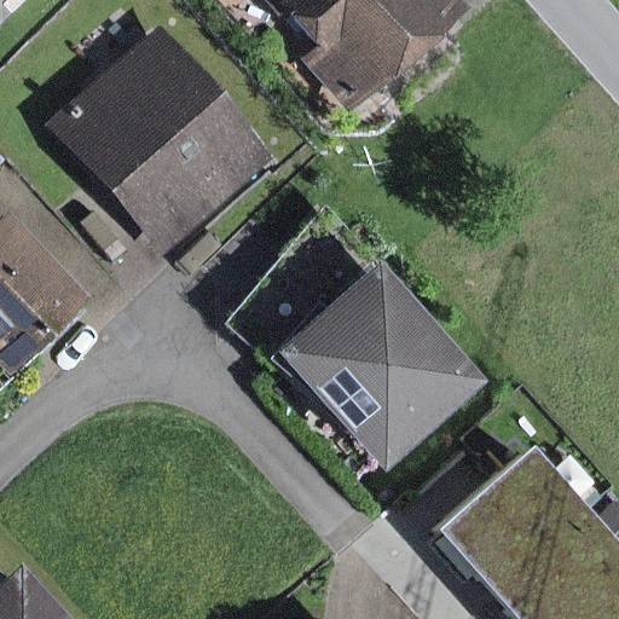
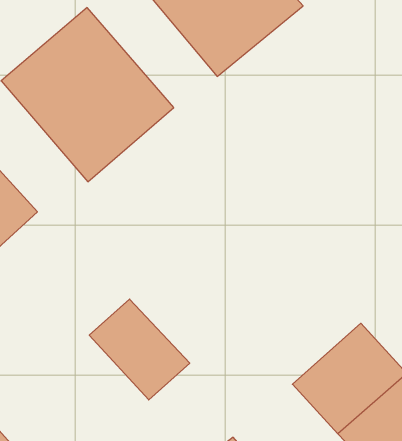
building: [278,260,487,470] -> none
building: none -> [89,299,190,400]

